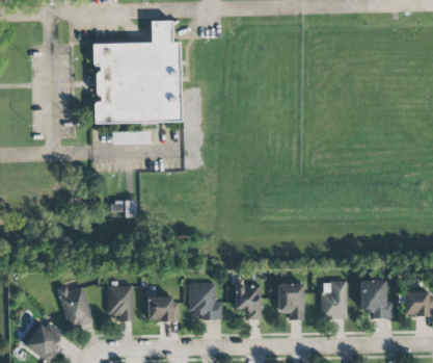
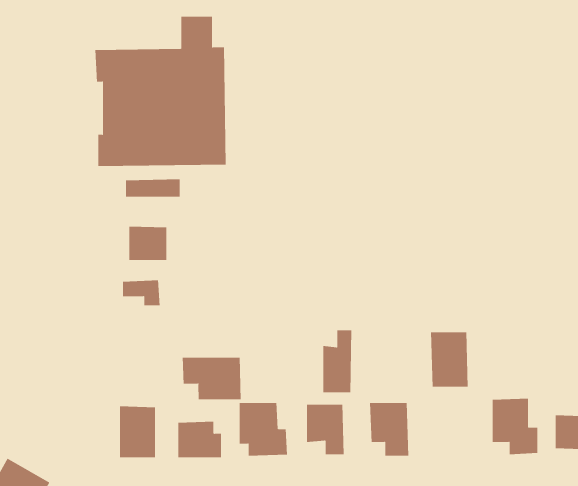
building: none -> [129,226,167,261]
building: none -> [323,330,352,393]
building: none -> [182,357,241,400]
building: [321,281,347,318] -> [430,332,469,387]
building: [57,286,93,328] -> none

